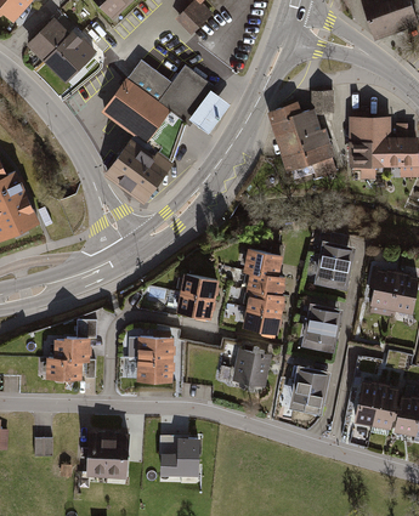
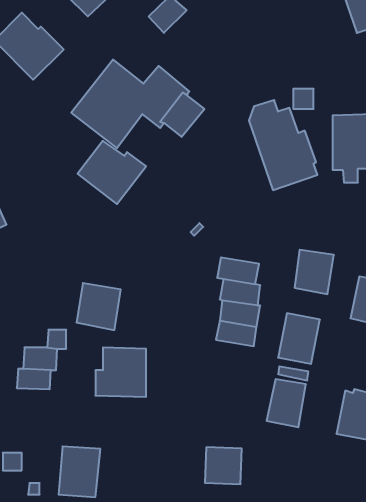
building: [174,276,216,321] -> [76,283,121,330]
building: [231,347,271,387] -> none
building: [162,440,197,475] -> [205,447,242,484]

